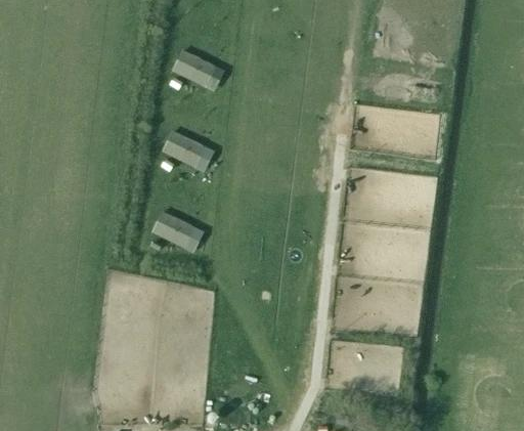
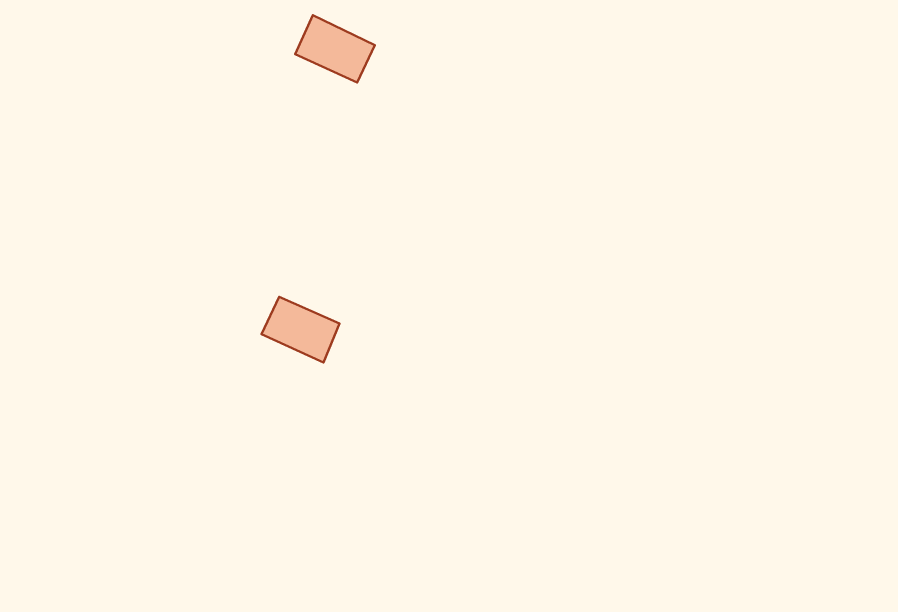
building: [165,130,211,170] -> none

